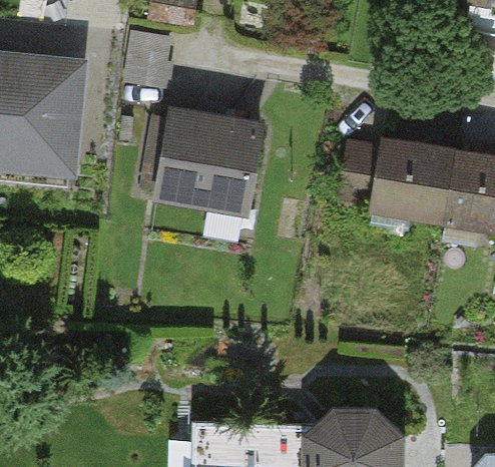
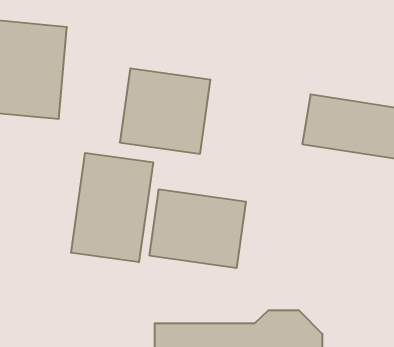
building: none -> [71,153,153,262]
building: none -> [150,189,246,268]

